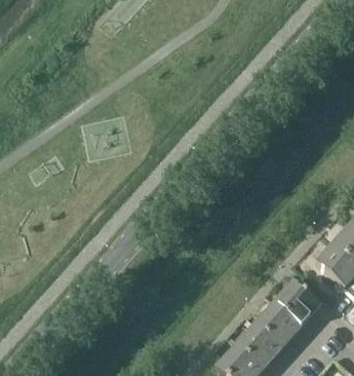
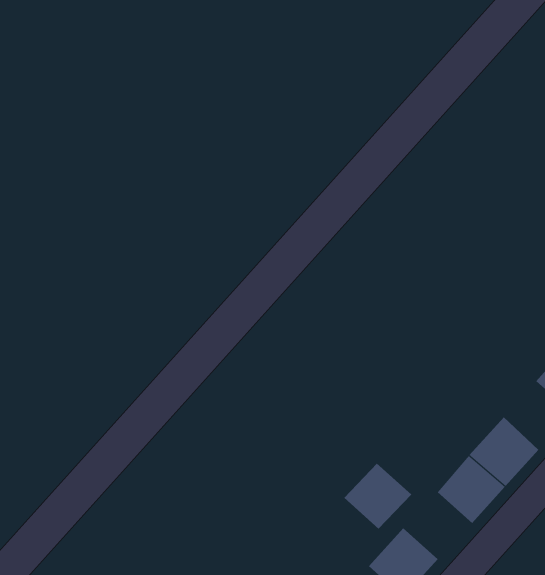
building: [238,327,278,366] -> [343,463,412,530]

